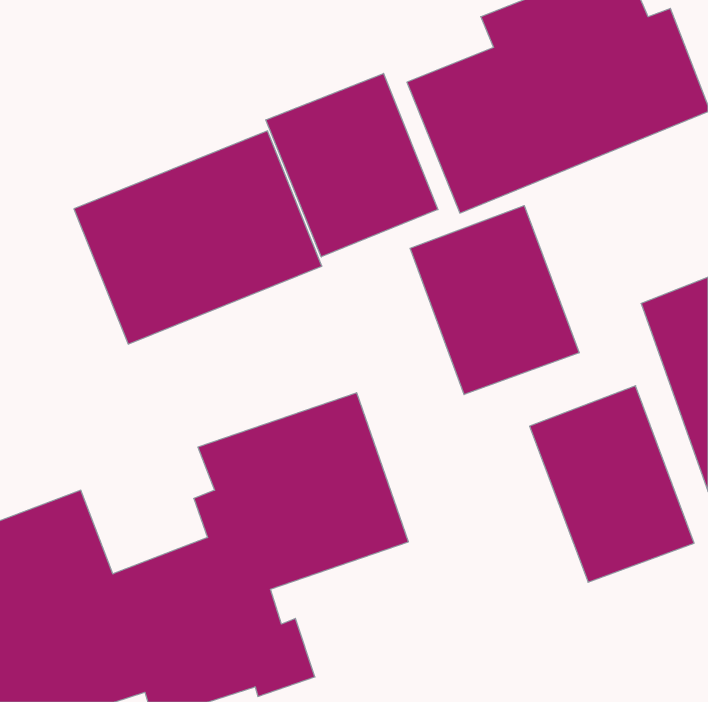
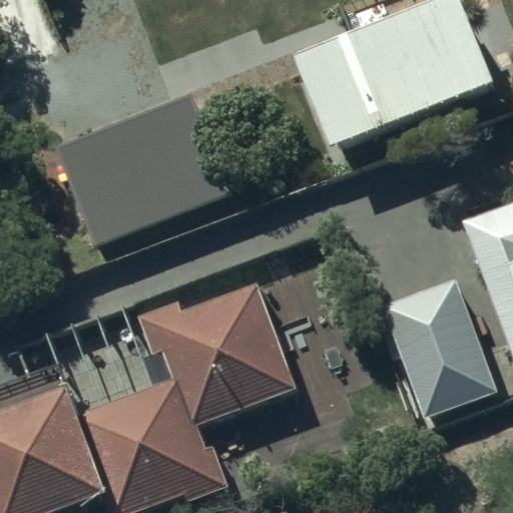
building: [266,73,438,257] -> none
building: [410,206,579,395] -> none

